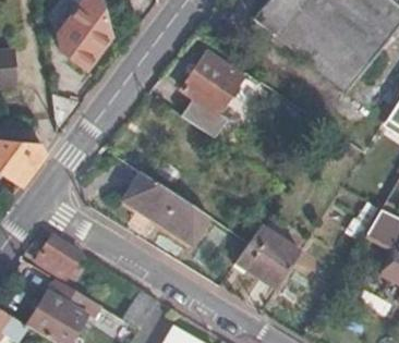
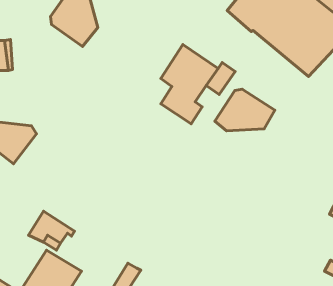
building: none -> [215,89,275,131]
building: [122,174,208,245] -> none
building: [232,228,298,293] -> none

